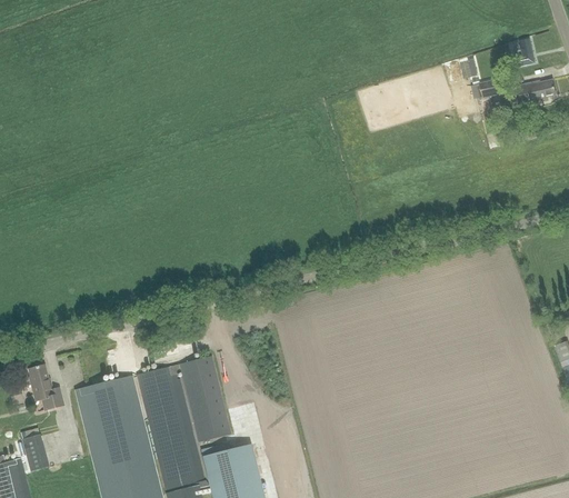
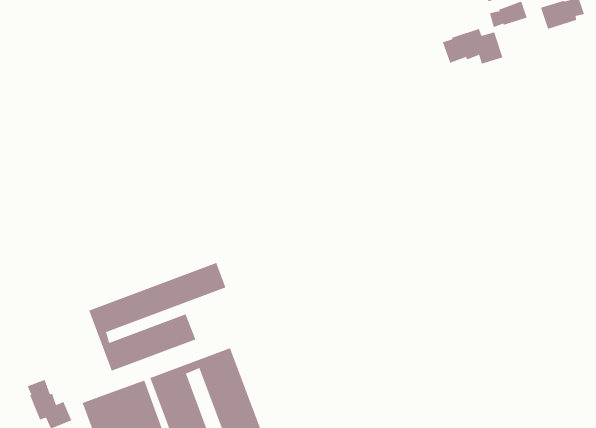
building: none -> [442,28,503,64]
building: none -> [88,262,226,371]

